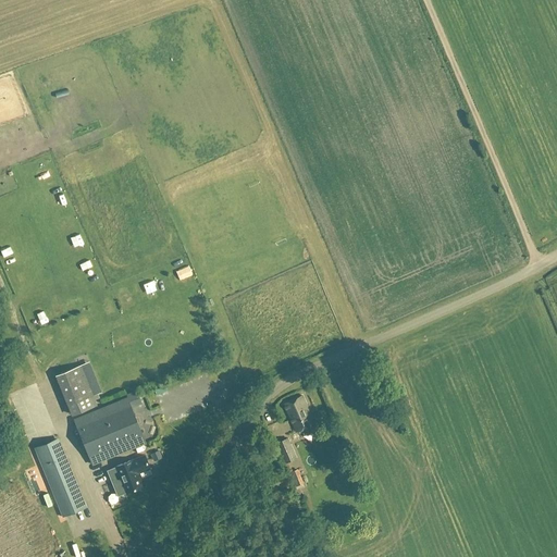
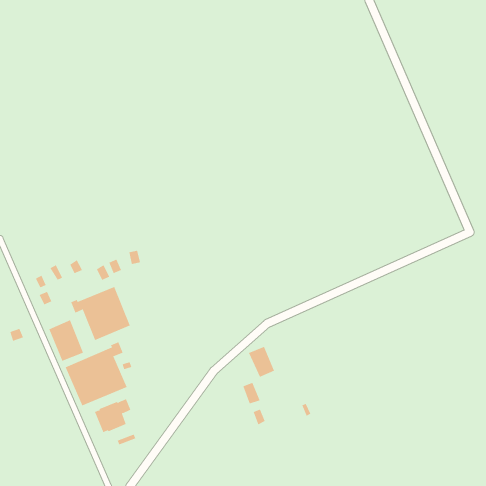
building: none -> [70,286,130,341]
building: [34,438,86,517] -> none

